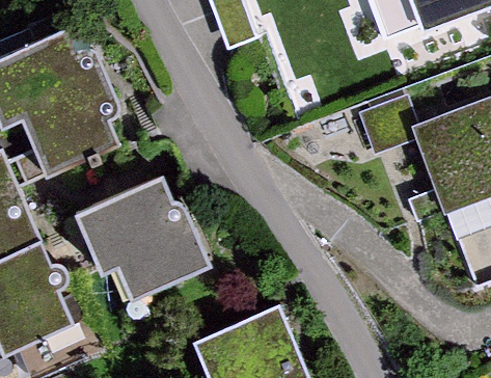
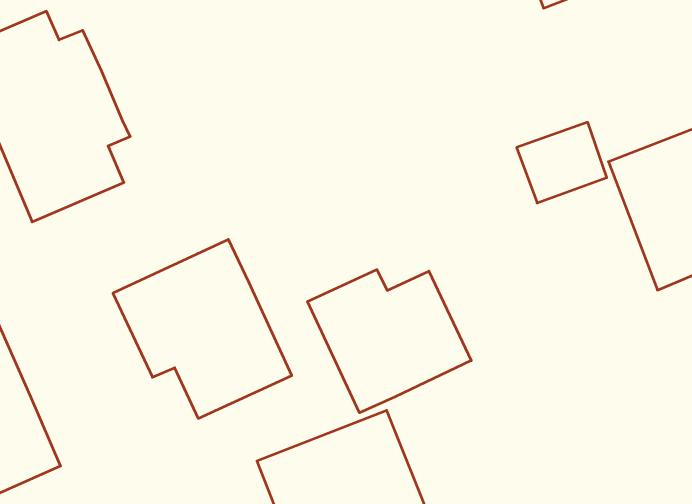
building: none -> [308,270,471,413]

